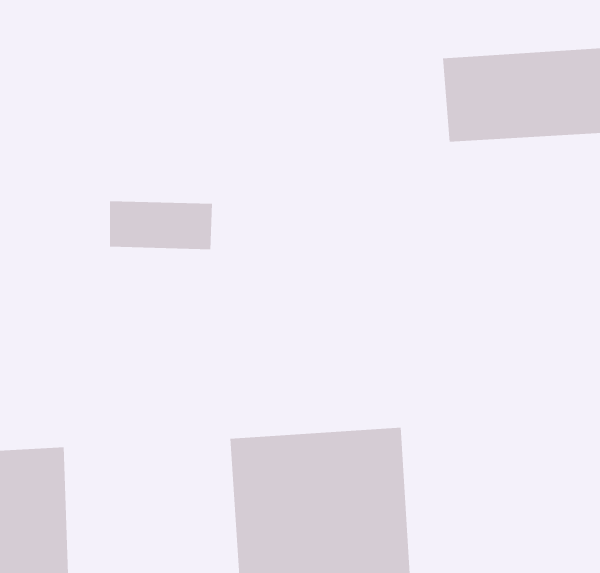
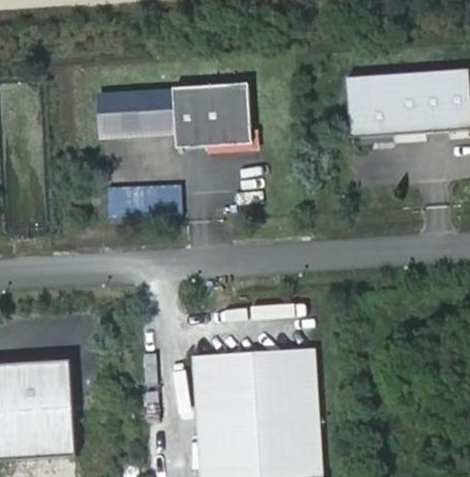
building: none -> [172,85,253,156]
building: none -> [95,92,170,142]

